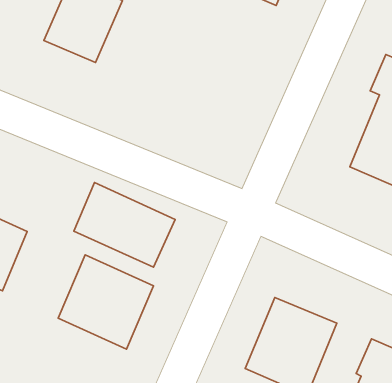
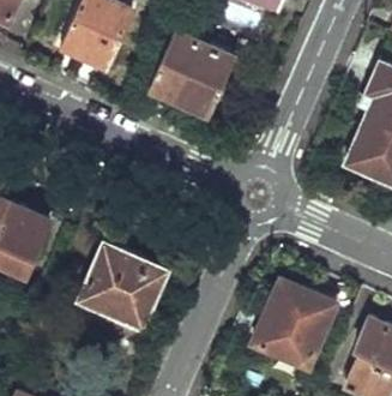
building: none -> [155,29,241,115]
building: [74,183,175,267] -> none

